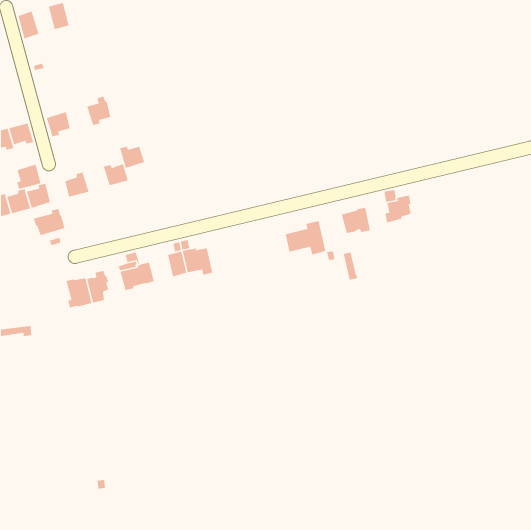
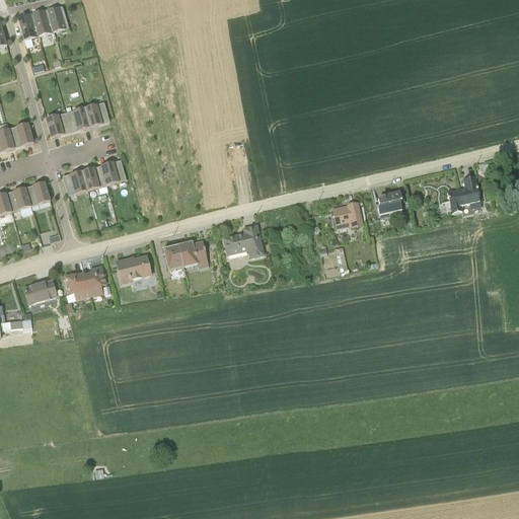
building: none -> [31,7,53,34]
building: none -> [65,104,90,127]
building: [119,146,145,169] -> [81,166,106,189]
building: [16,163,42,190] -> none
building: none -> [447,176,483,214]
building: [33,208,66,236] -> none
building: [285,220,326,256] -> [223,226,264,261]
building: none -> [23,279,56,304]

